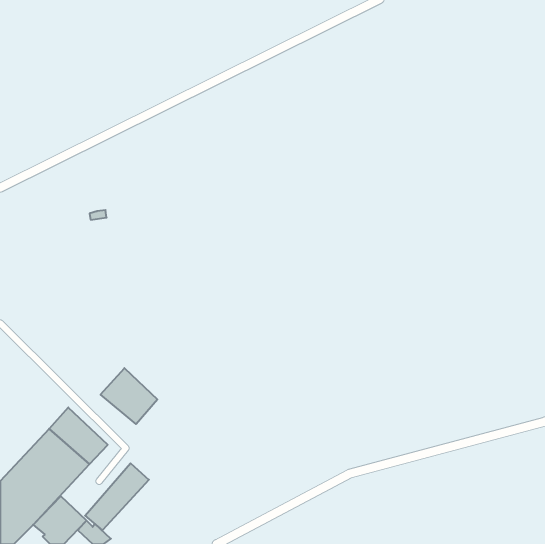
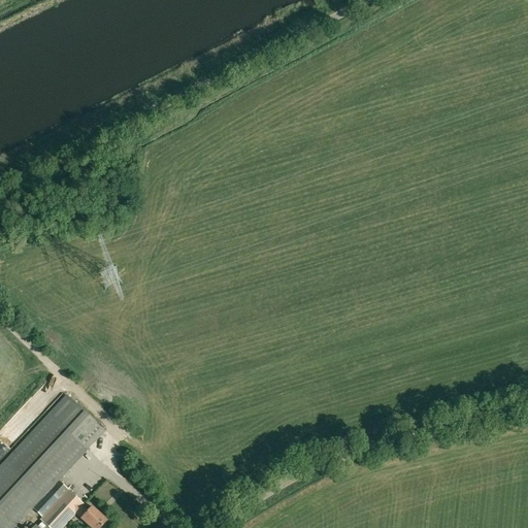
building: [101,368,157,424] -> none
building: [85,463,149,530] -> none

